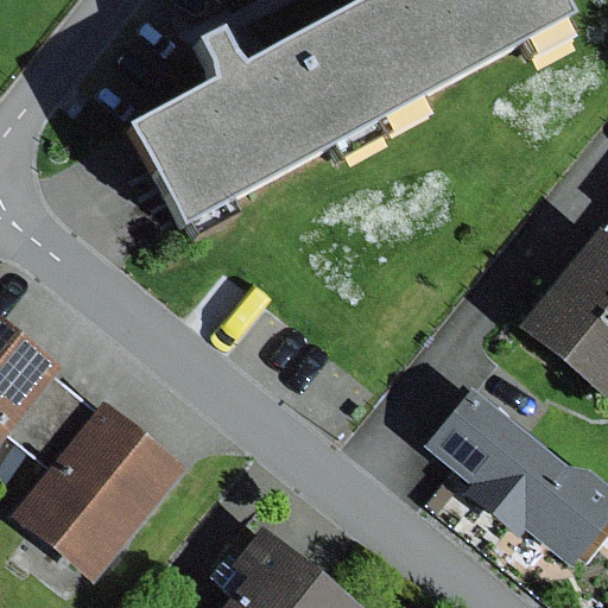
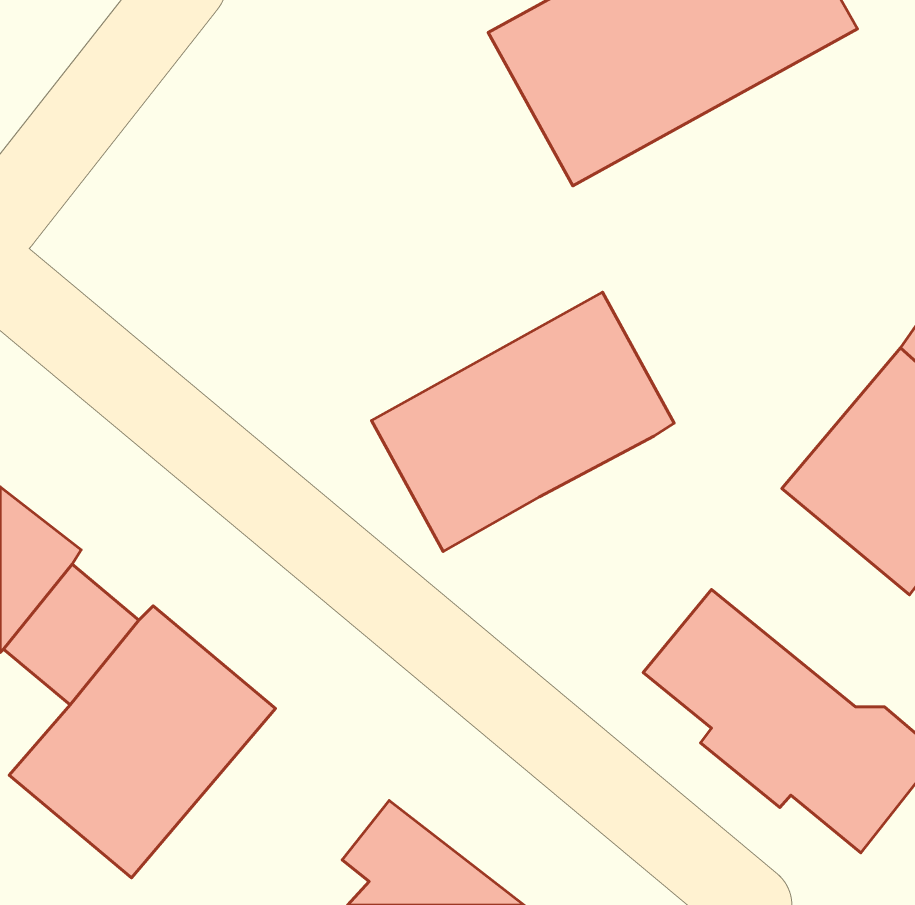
building: [124,21,381,233] -> none
building: none -> [371,292,674,551]

